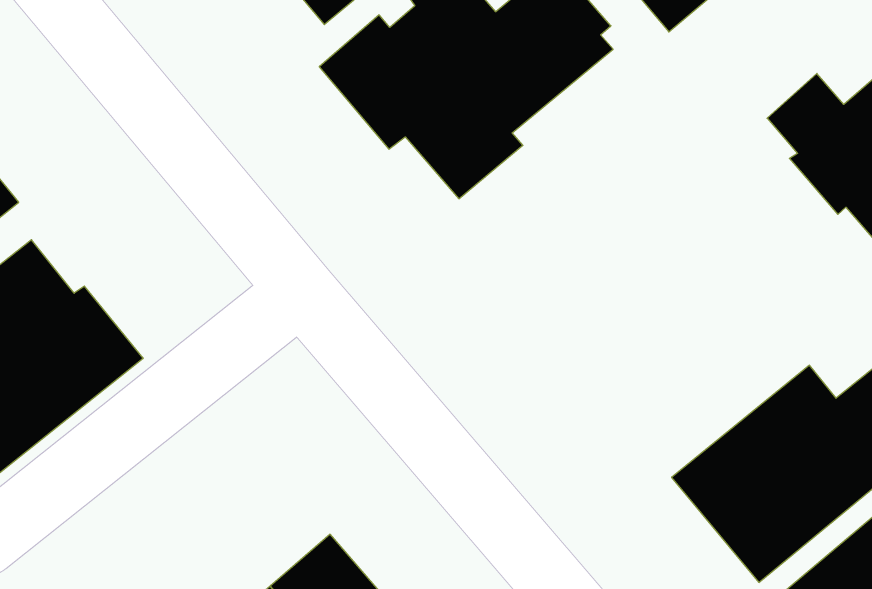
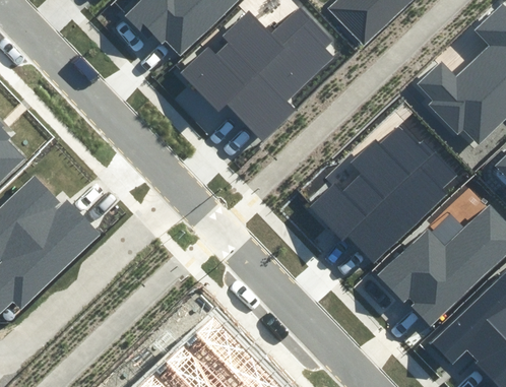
building: none -> [312,122,458,261]

